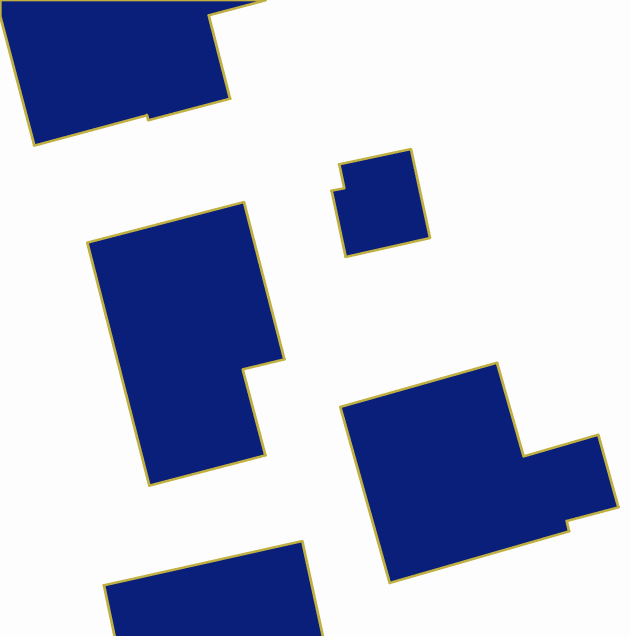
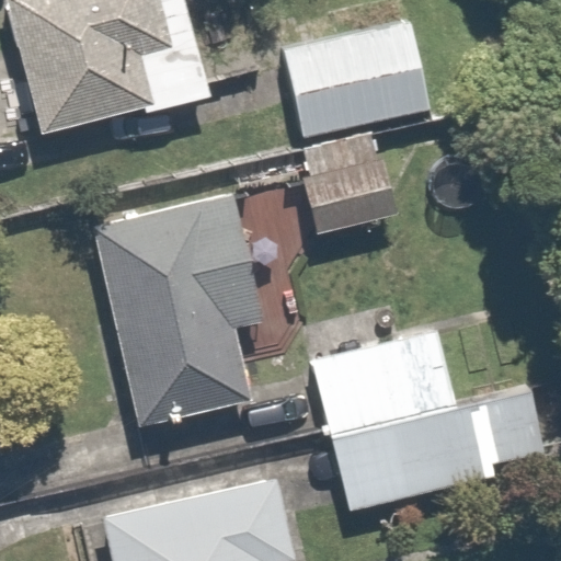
building: none -> [283,22,436,141]

